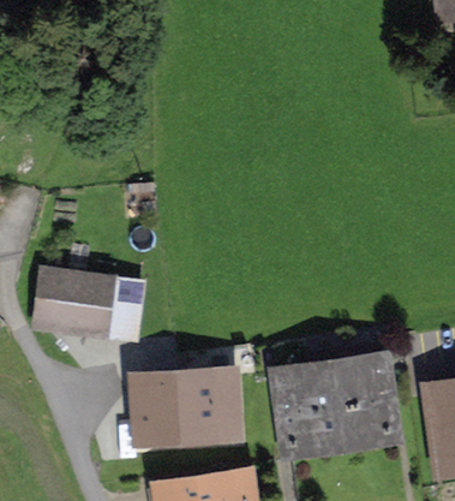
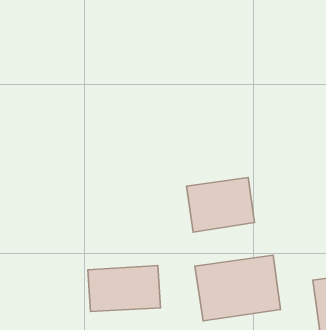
building: none -> [187,178,254,232]
building: [38,267,138,339] -> none

